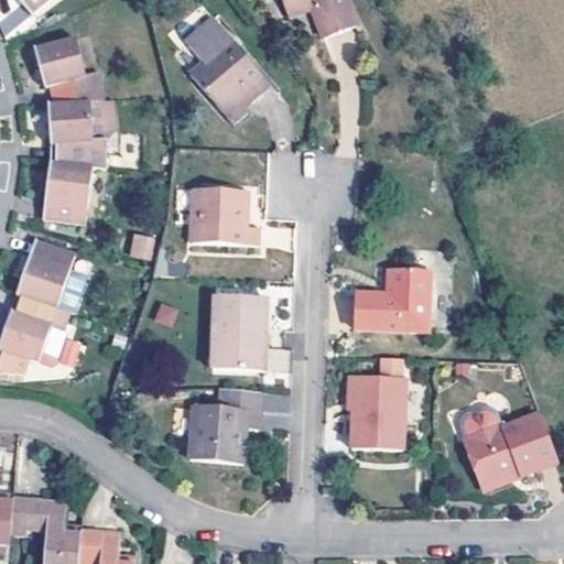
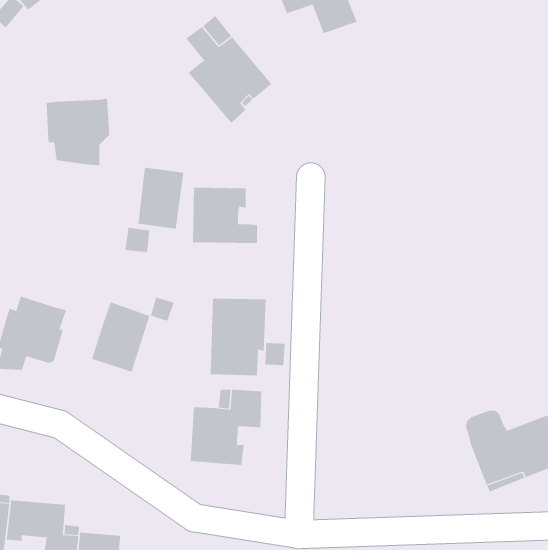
building: [32,32,100,102] -> none
building: [43,160,89,221] -> [138,167,184,229]
building: [15,236,74,306] -> [91,301,150,372]
building: [354,273,430,333] -> none
building: [351,379,402,453] -> none

